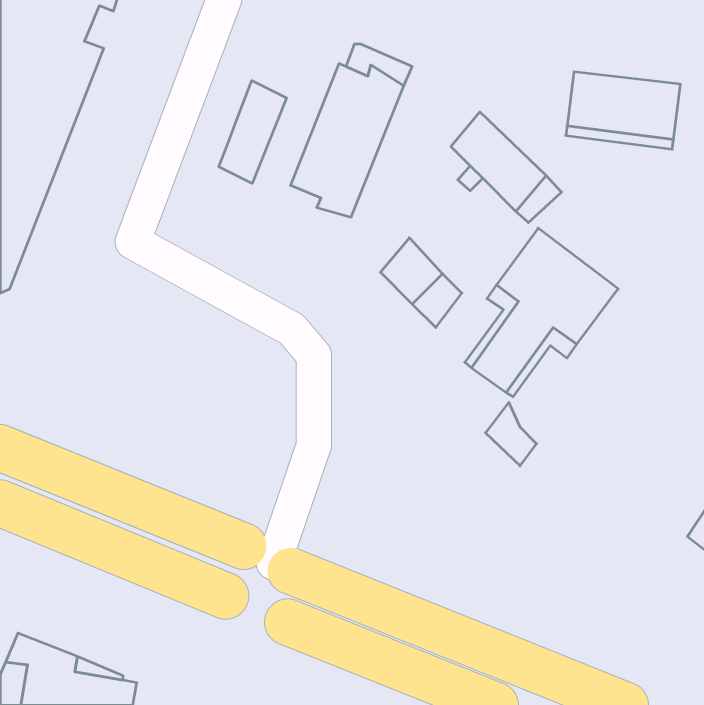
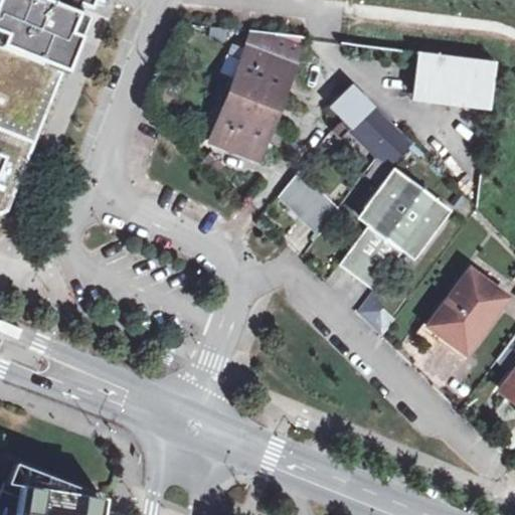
building: [219,81,286,183] -> none
building: none -> [431,271,506,351]

